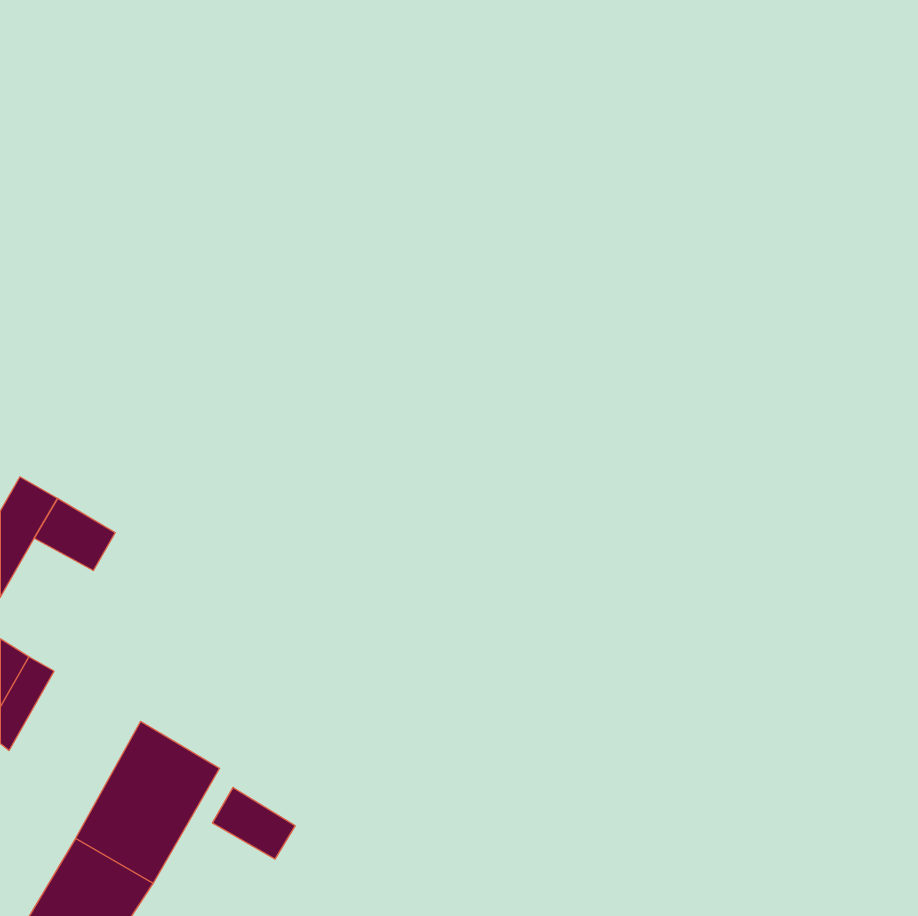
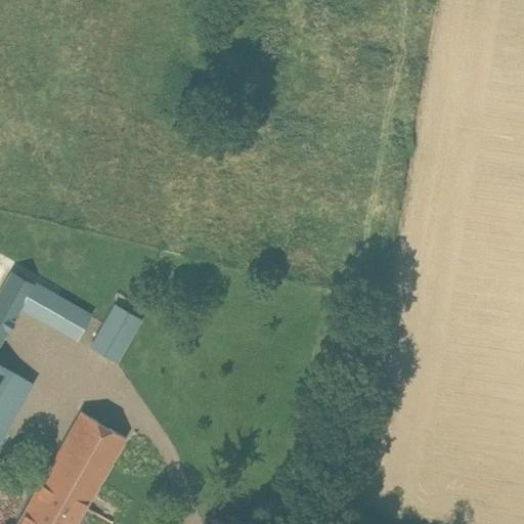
building: none -> [54,305,90,341]
building: none -> [92,306,140,363]
building: [213,787,295,859] -> none

